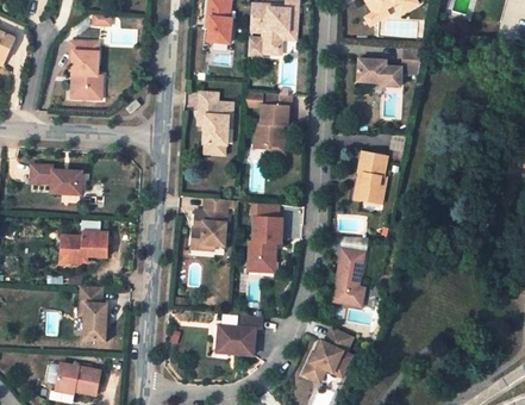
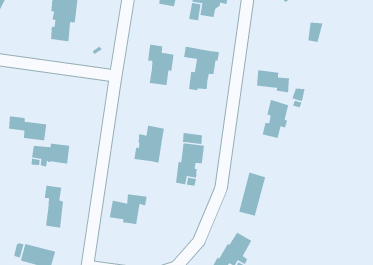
building: [358,61,401,88] -> [256,70,290,93]
building: [31,164,81,194] -> [8,115,47,141]
building: [215,316,263,355] -> [109,194,147,225]

